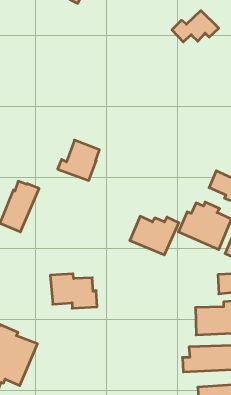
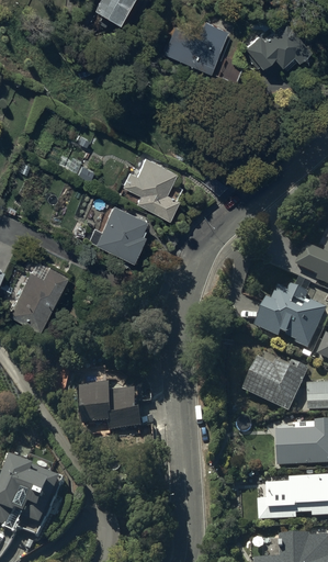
building: none -> [163,21,228,71]
building: none -> [124,159,178,217]
building: [130,216,179,255] -> [245,360,312,413]

